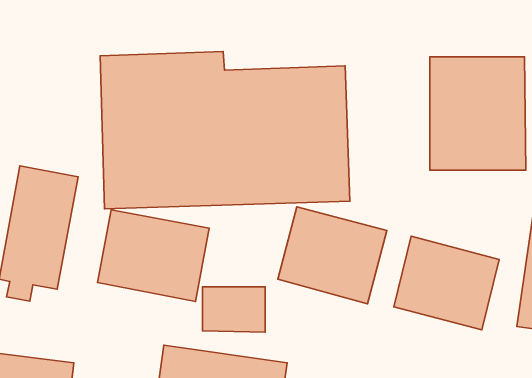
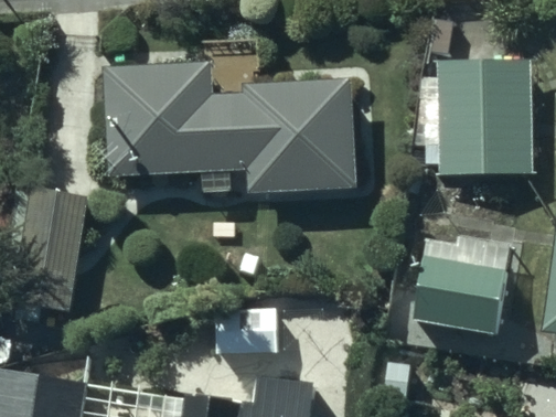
building: [278,207,387,304] -> none
building: [98,210,209,302] -> none

